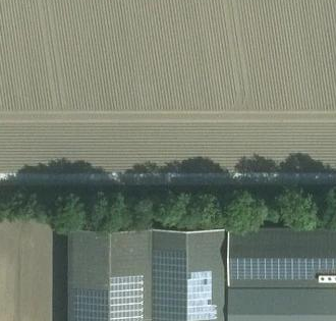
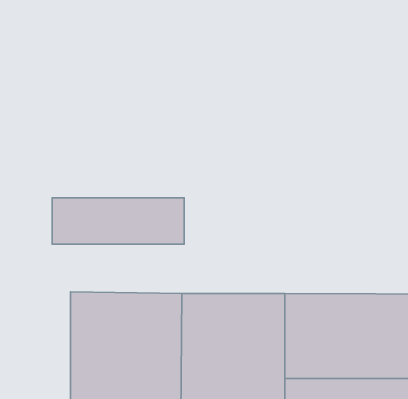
building: none -> [52,198,184,244]

